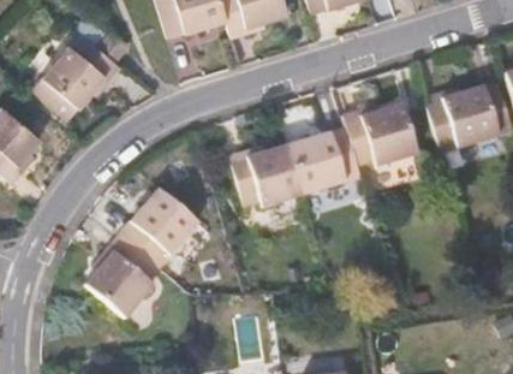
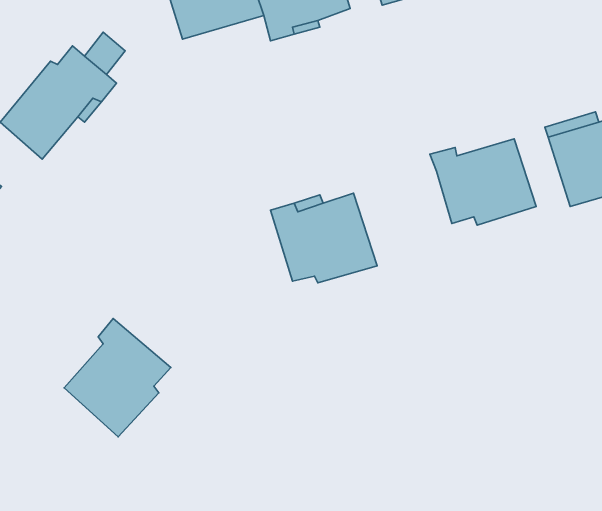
building: [290,129,363,196] -> none
building: [119,189,199,268] -> none

